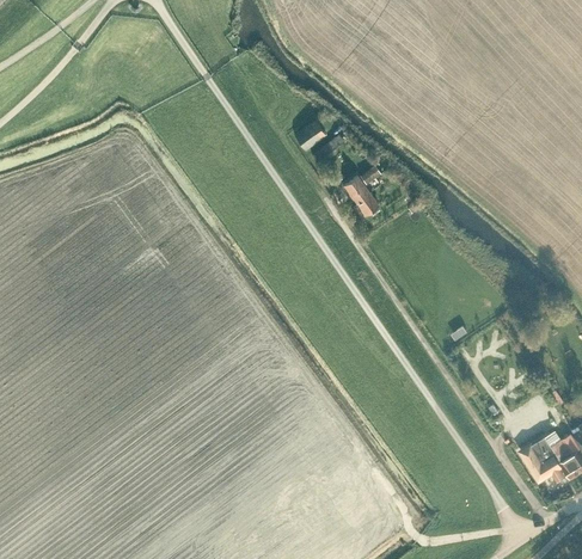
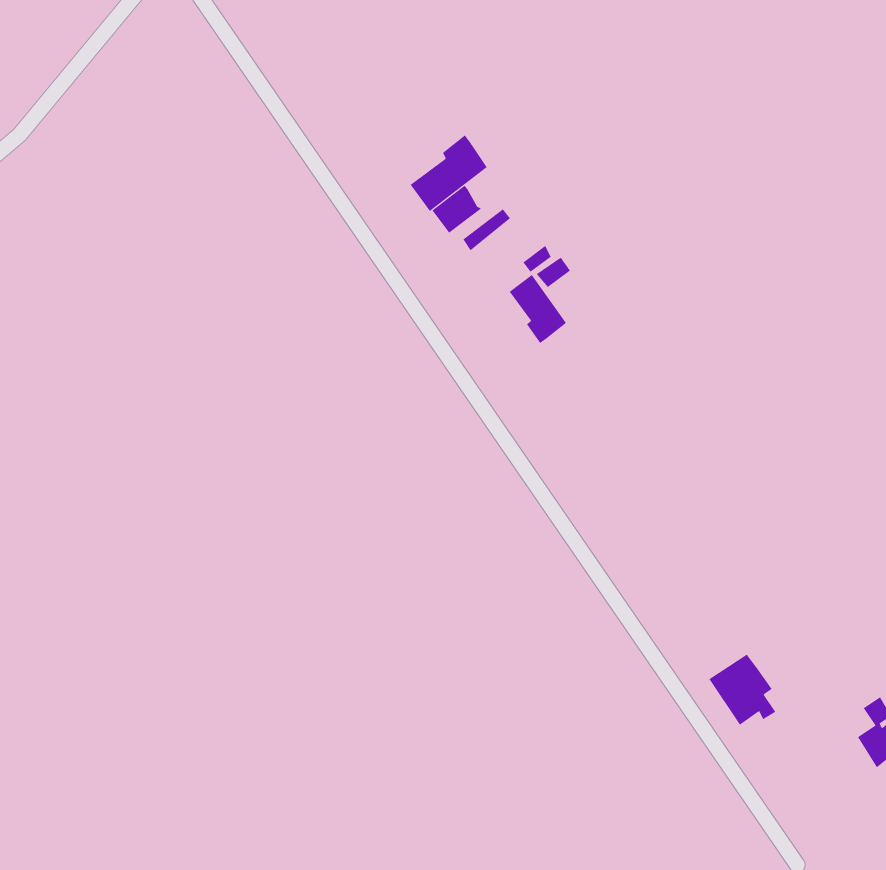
building: none -> [410,135,488,212]
building: [522,436,564,480] -> [709,654,776,726]

